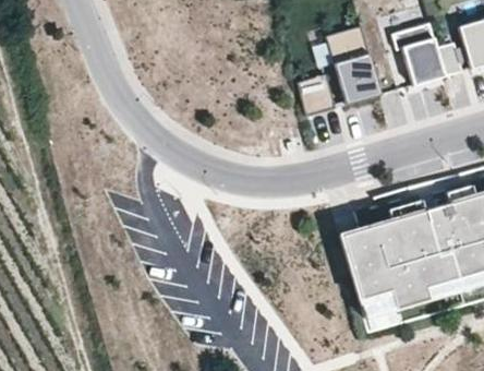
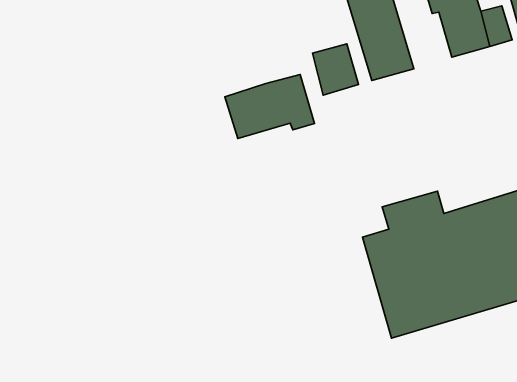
building: none -> [225,74,314,138]

